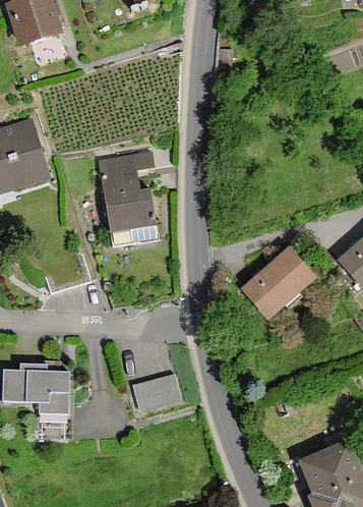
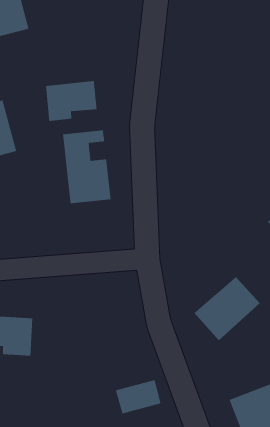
building: none -> [45,80,97,122]
building: [239,245,316,321] -> [193,276,260,341]
building: [127,371,181,411] -> [115,379,161,414]

